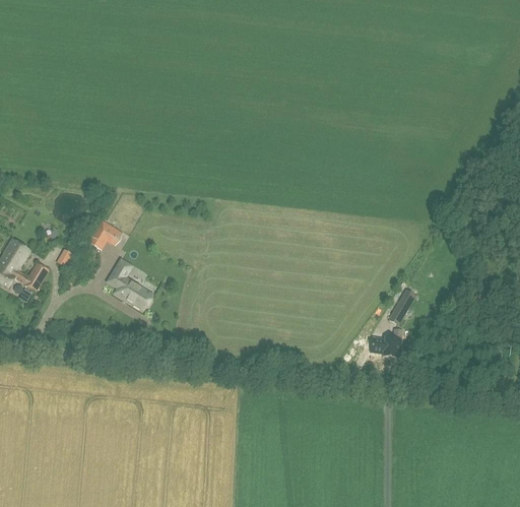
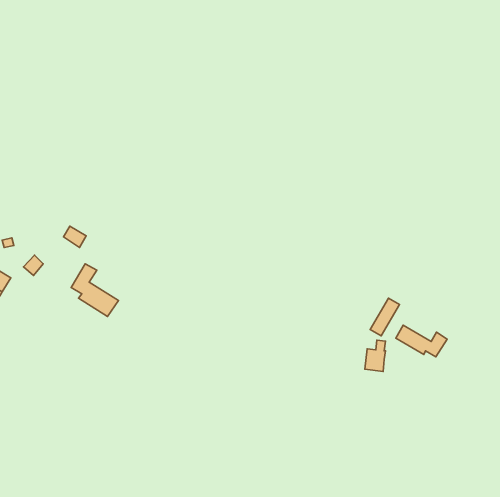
building: none -> [396,325,447,357]

